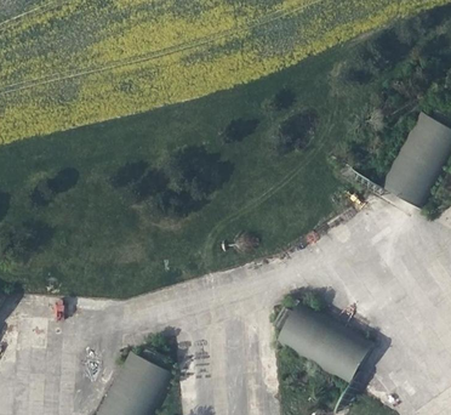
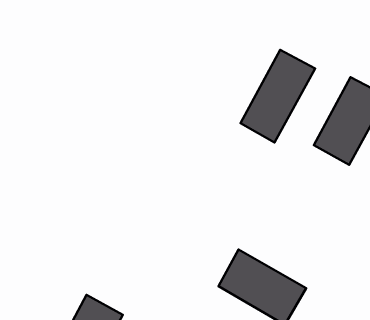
building: none -> [240,50,315,142]

